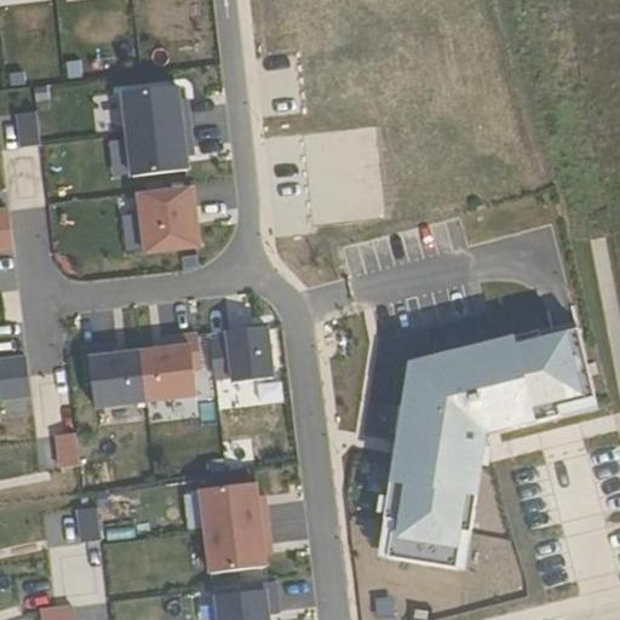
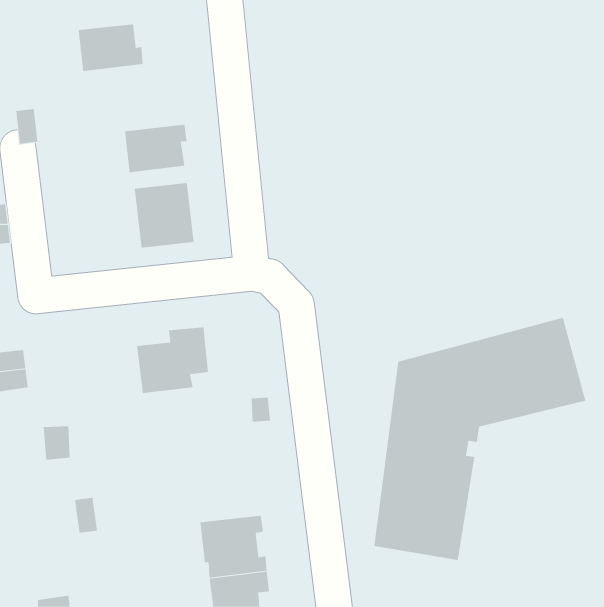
building: [121,85,188,133] -> [78,24,143,71]
building: [207,326,271,381] -> none
building: [79,344,144,406] -> none
building: [197,482,265,530] -> none

